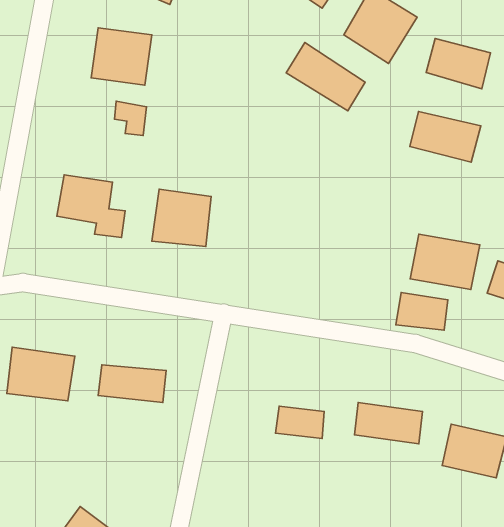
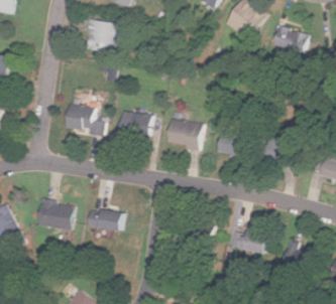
building: [286,43,365,111] -> none
building: [410,112,481,162] -> none
building: none -> [164,118,202,148]
building: [396,293,448,330] -> [217,133,246,154]

